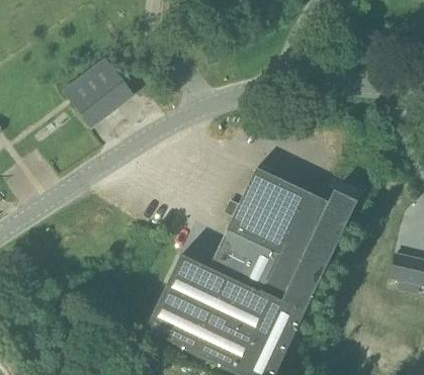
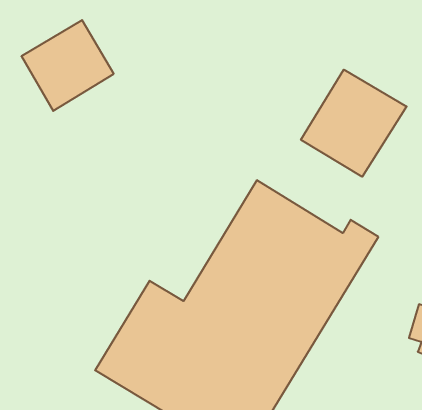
building: none -> [301,70,407,177]

